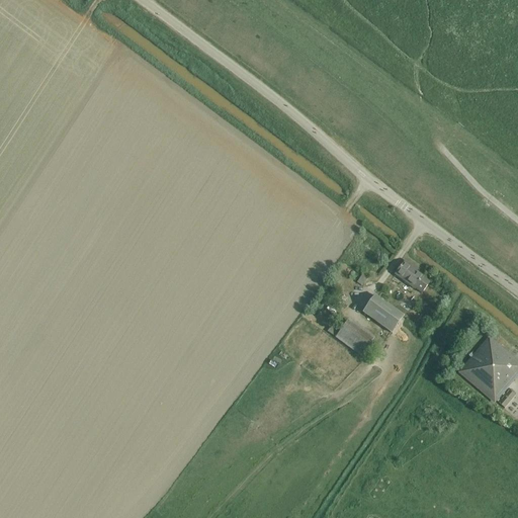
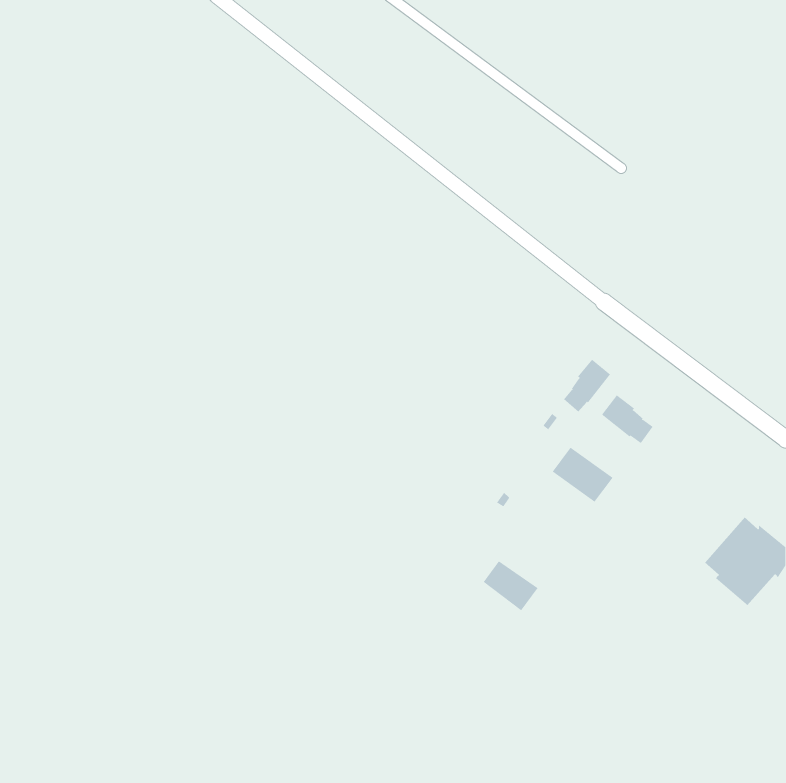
building: none -> [563,359,611,413]
building: [336,320,372,353] -> [483,560,538,611]

